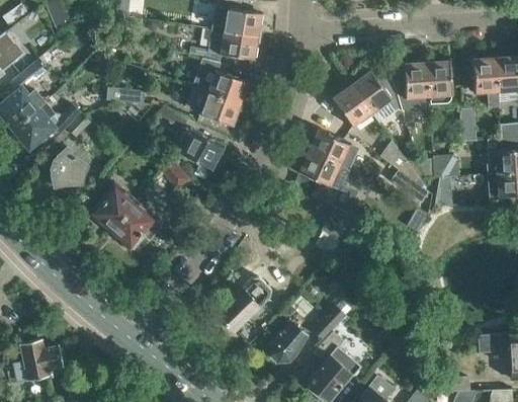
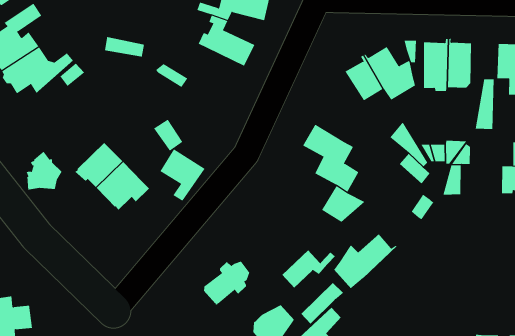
building: [193,89,239,125] -> none
building: [180,131,223,179] -> [160,149,205,201]
building: [310,131,349,165] -> none
building: [52,148,86,186] -> [26,151,63,190]
building: none -> [333,234,397,289]
building: none -> [282,250,336,289]

